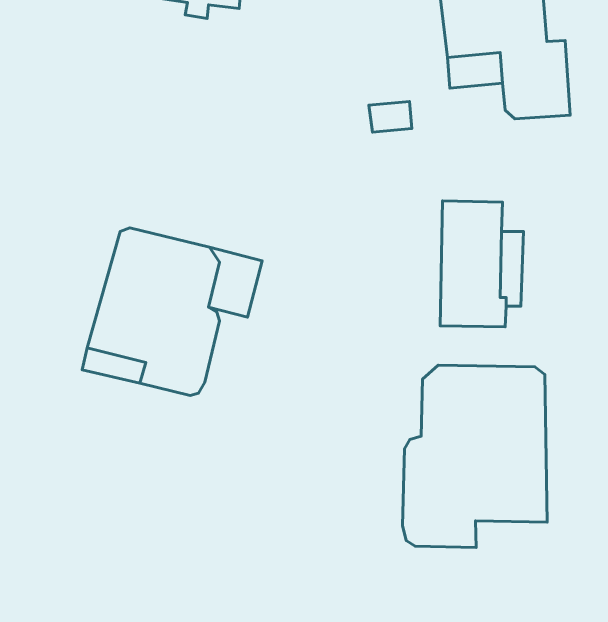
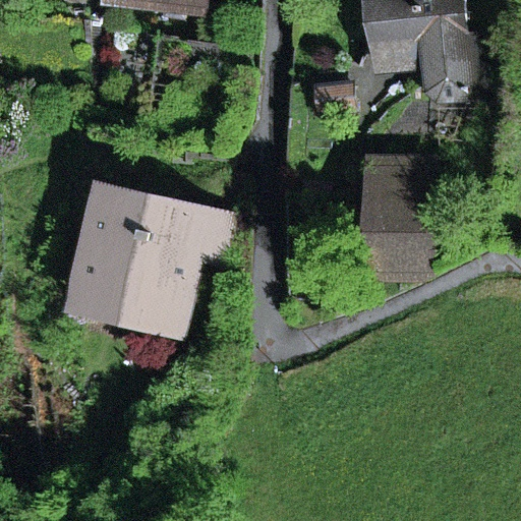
building: [403,365,547,547] -> none

